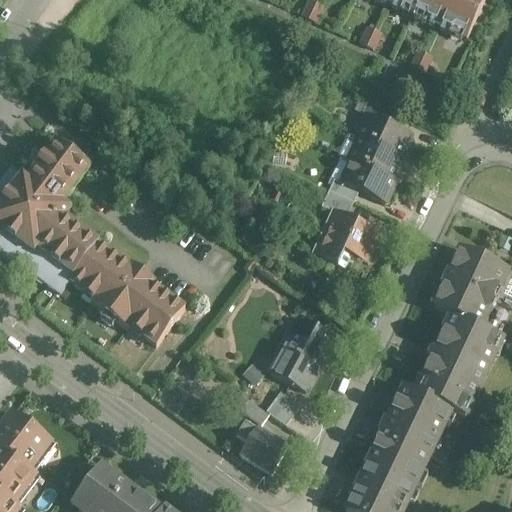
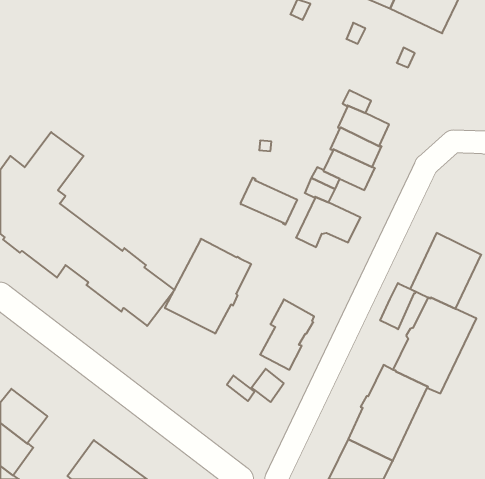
building: none -> [241,178,297,225]
building: none -> [165,239,251,334]
building: none -> [380,283,416,329]
building: [236,418,287,470] -> none

